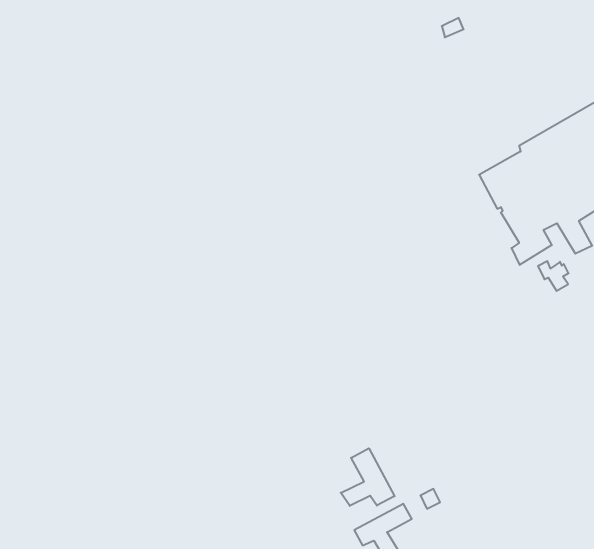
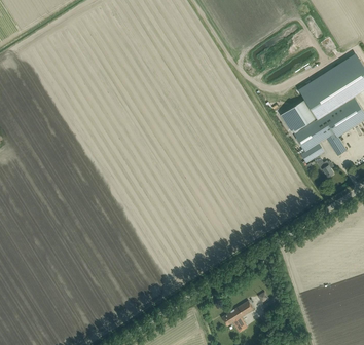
building: [341,448,395,506] -> none

